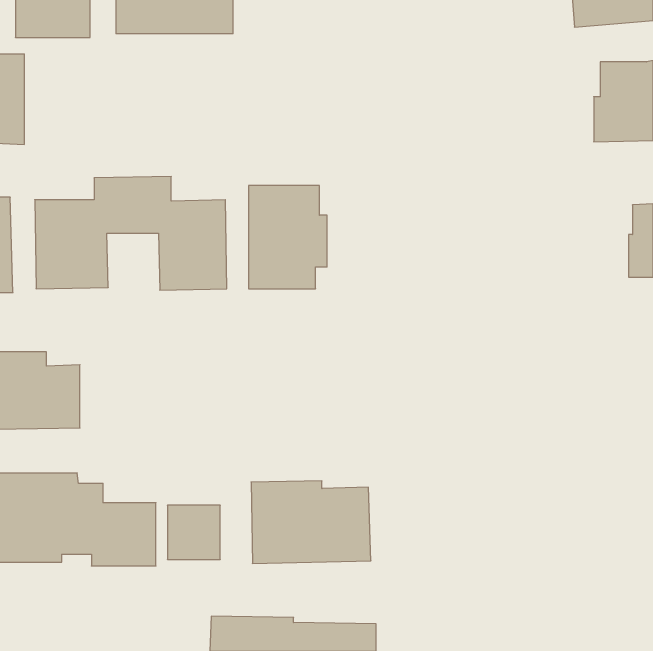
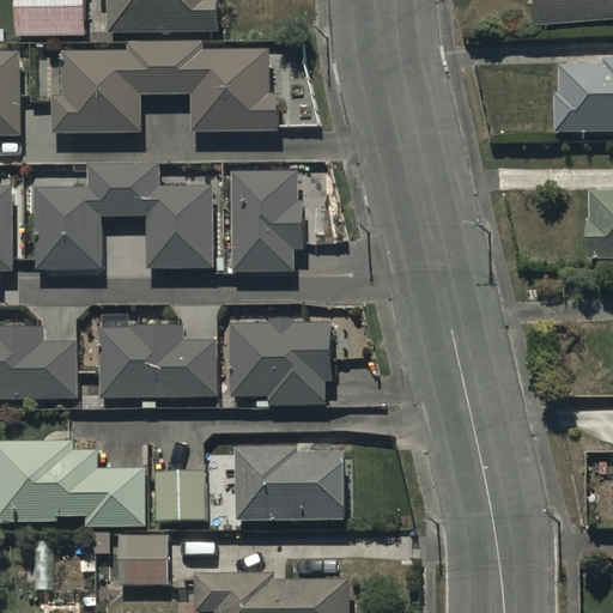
building: none -> [51,40,277,131]
building: none -> [230,320,330,402]
building: none -> [99,327,217,396]
building: none -> [116,530,168,583]

